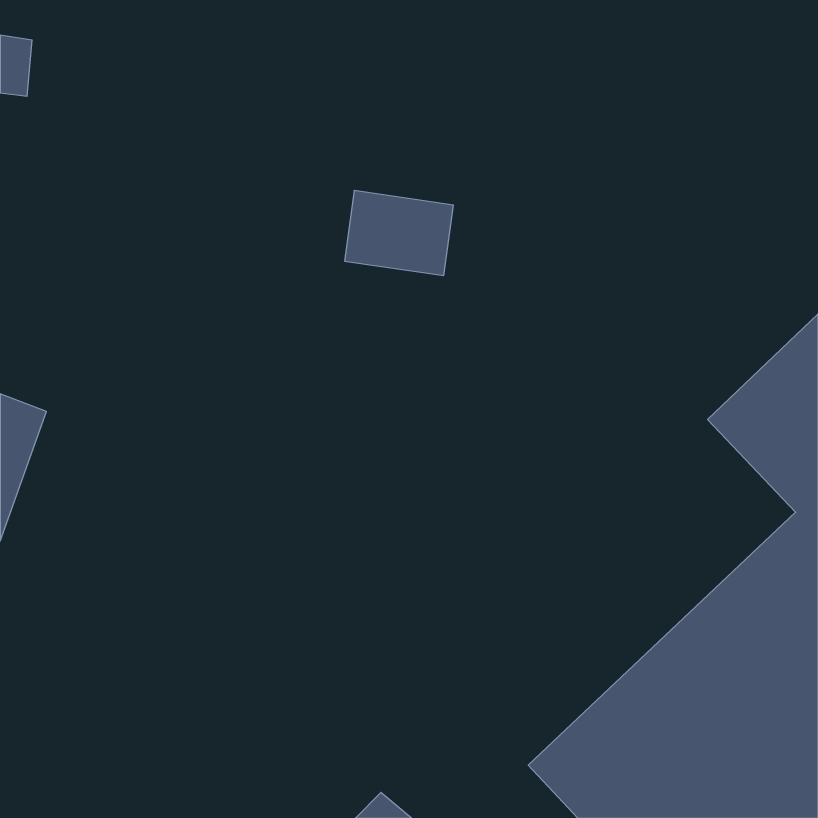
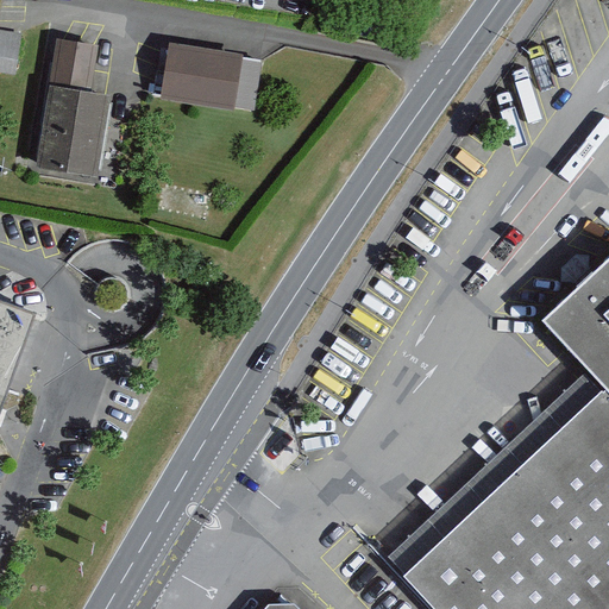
building: none -> [37,40,111,183]
building: [345,191,453,275] -> [162,45,243,108]

